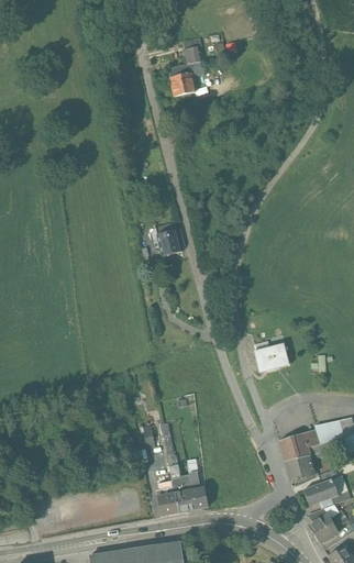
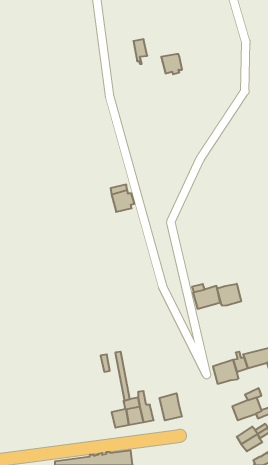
building: [169,74,195,98] -> [161,54,182,74]
building: none -> [217,284,241,306]
building: [285,456,313,481] -> none
building: none -> [160,393,182,420]

